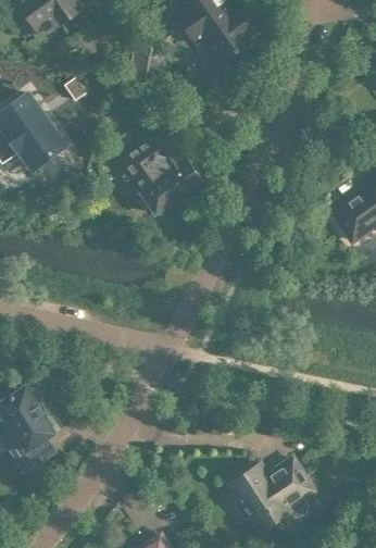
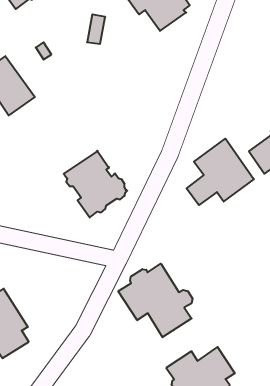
building: [124,130,203,214] -> [64,151,127,218]
building: none -> [187,139,254,205]
building: none -> [118,264,192,337]

